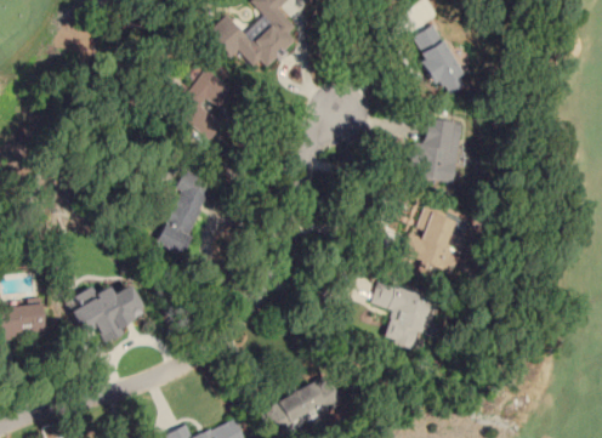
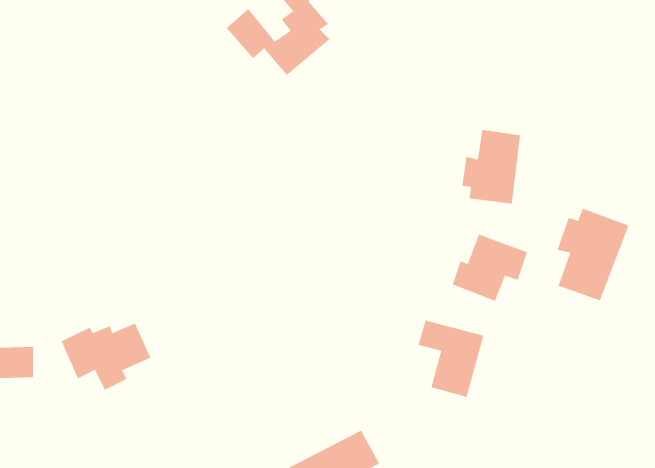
building: [413,23,468,93] -> none
building: [174,68,233,138] -> none
building: [158,171,220,255] -> none
building: none -> [557,208,629,301]

